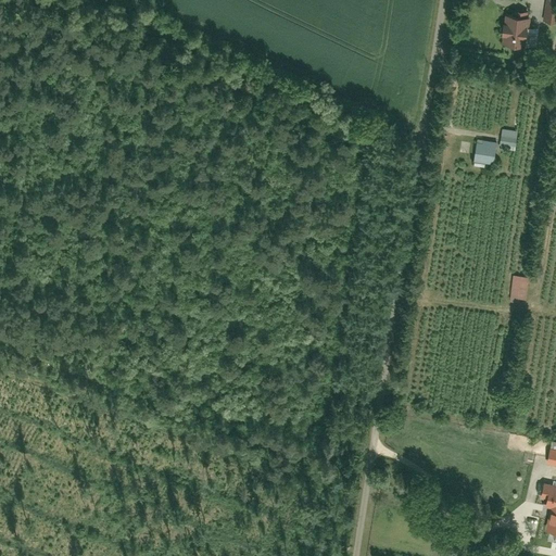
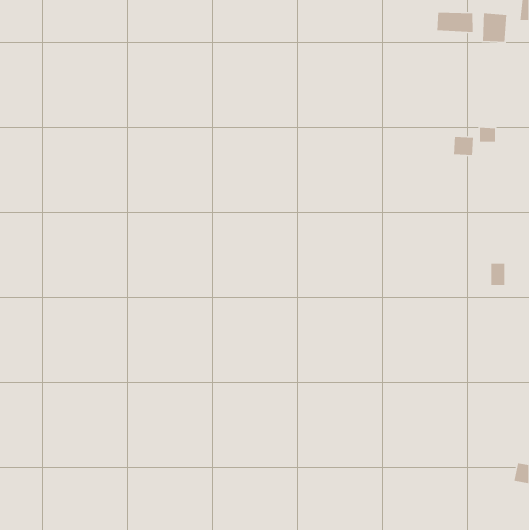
building: none -> [436,12,473,33]

